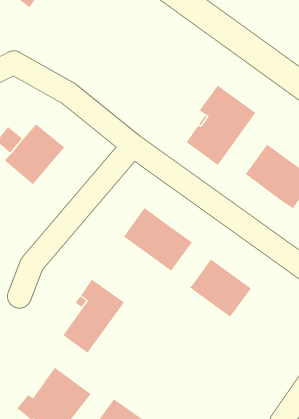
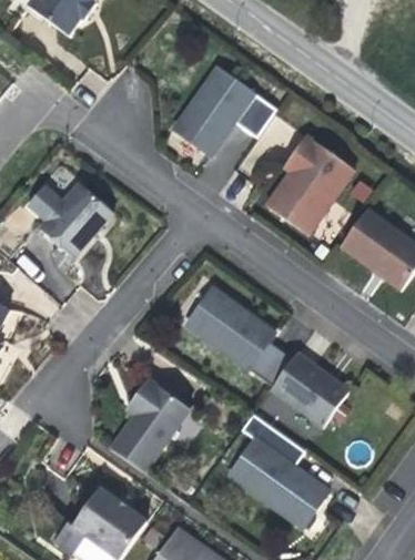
building: none -> [173,67,276,154]
building: none -> [247,340,292,386]
building: none -> [229,414,327,526]

